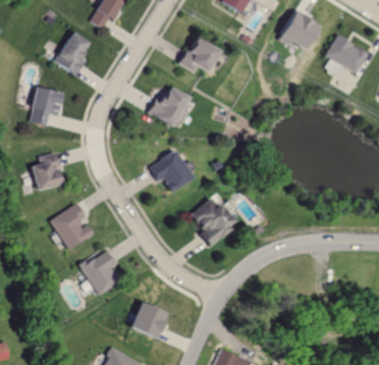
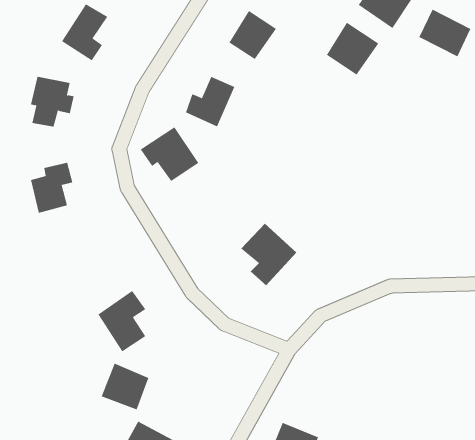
building: none -> [326,22,379,75]
building: [150,150,195,192] -> [140,127,199,182]
building: [53,204,96,248] -> none
building: [129,302,166,337] -> [101,363,149,410]

